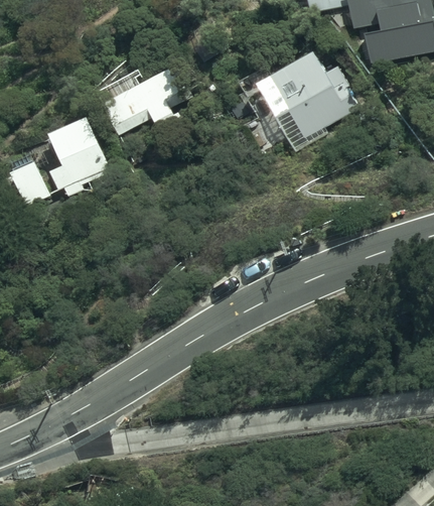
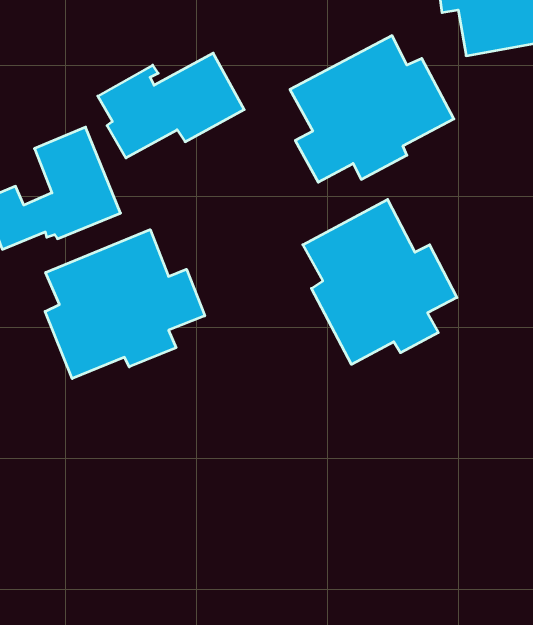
building: none -> [303,199,457,364]
building: none -> [45,230,205,379]

